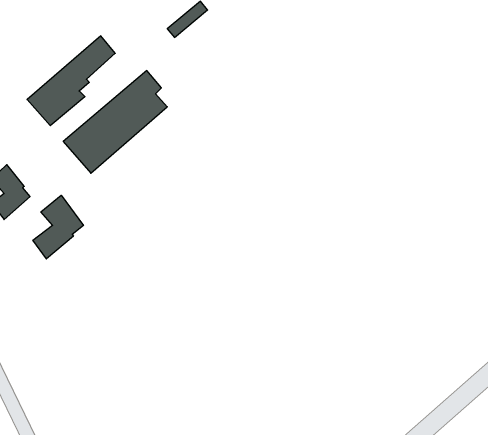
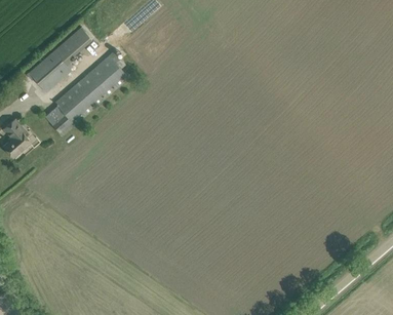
building: [33,195,83,259] -> none

